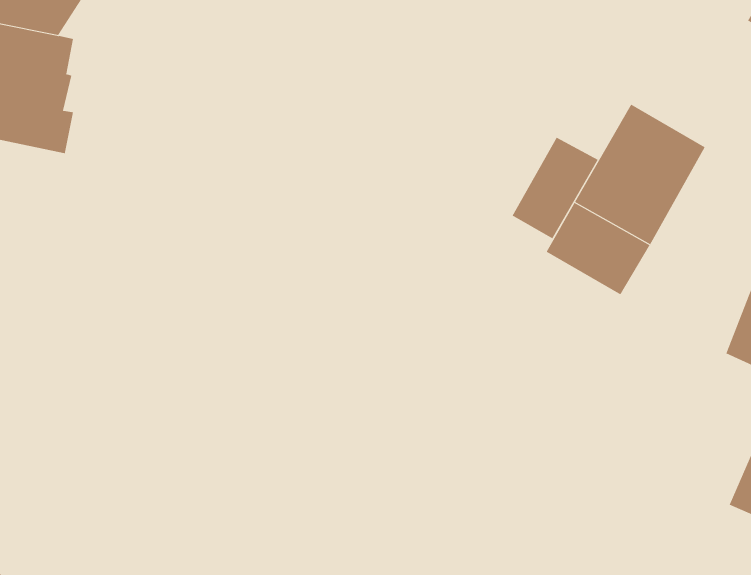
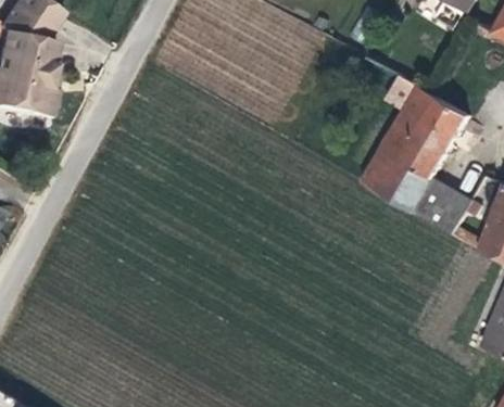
building: [512,137,599,239] -> none
building: none -> [410,178,469,233]

